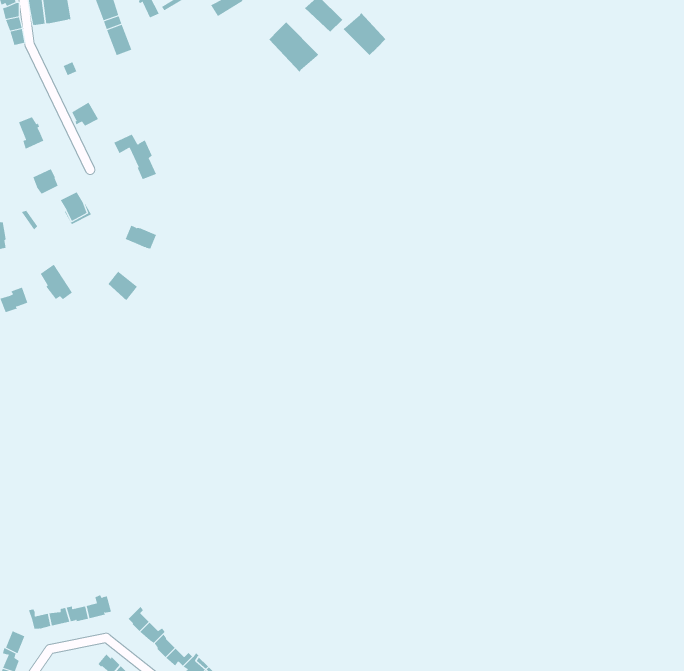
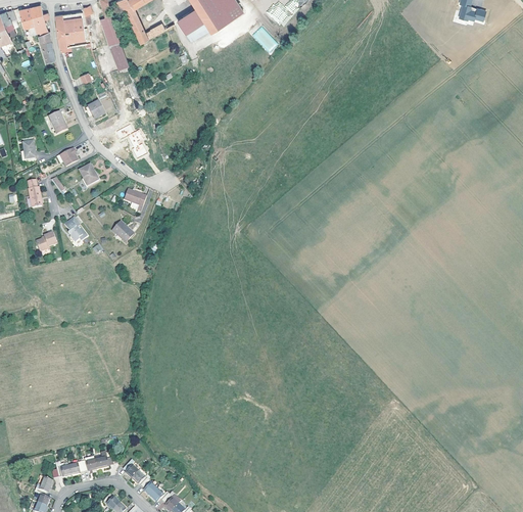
building: [343,12,386,56] -> none
building: [269,22,319,73] -> none

